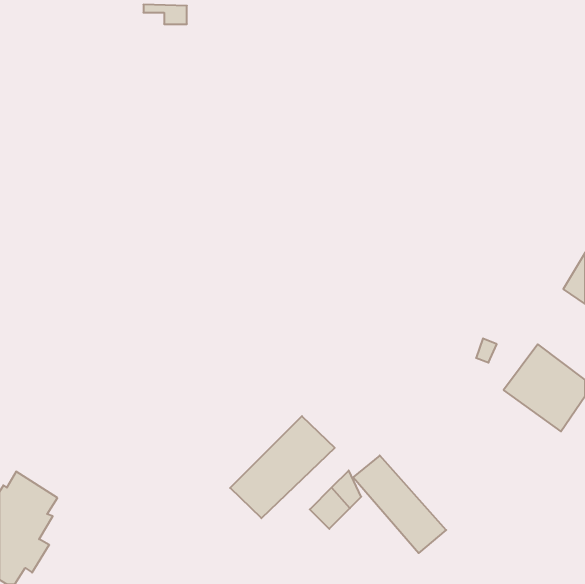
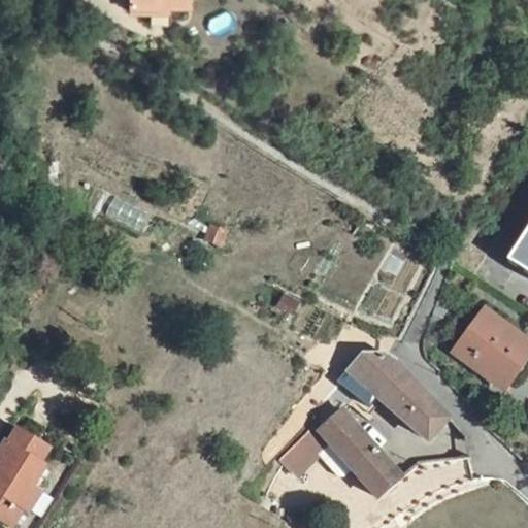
building: none -> [346,351,447,438]
building: [230,416,335,518] -> none

